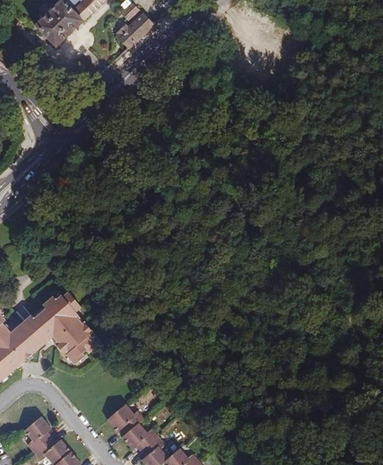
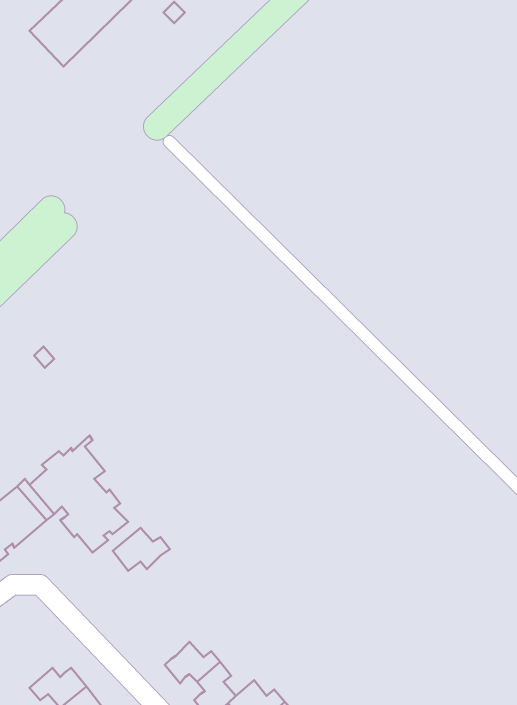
building: [115,13,152,48] -> none
building: [106,404,143,432] -> [113,528,170,571]
building: [23,416,50,452] -> none

